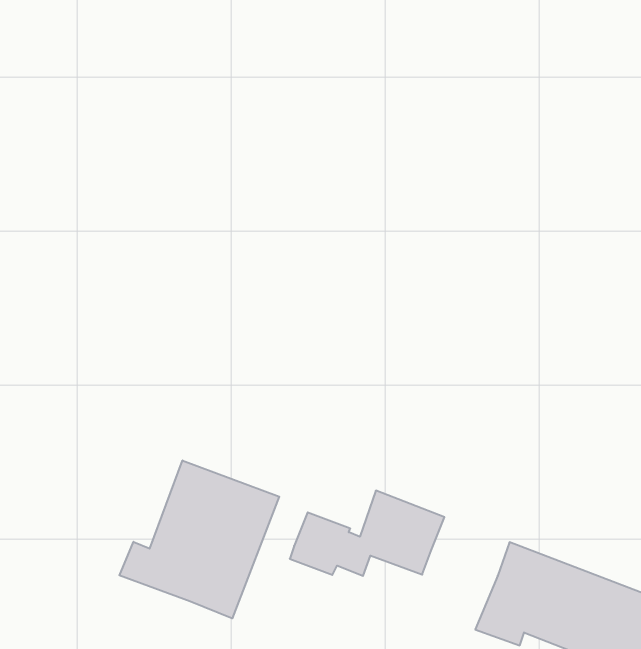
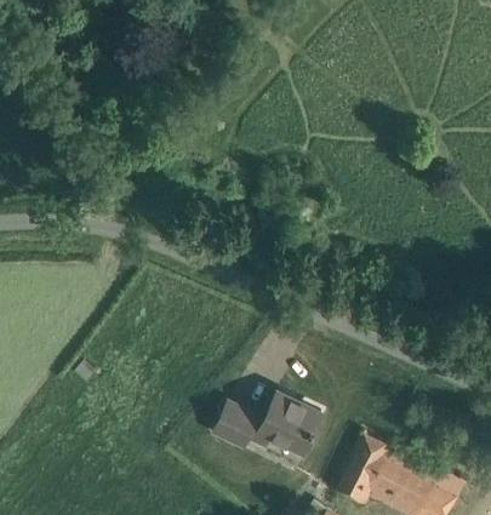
building: [119,460,279,618] -> none

